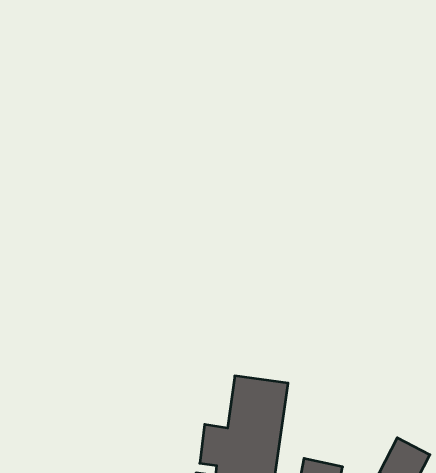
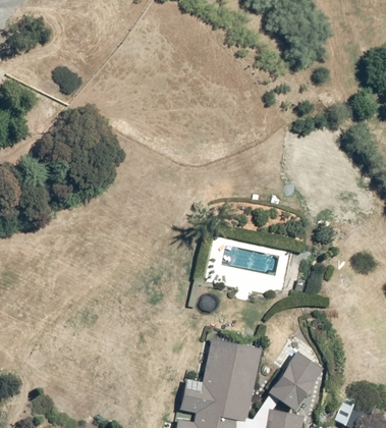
building: none -> [269,353,325,411]

